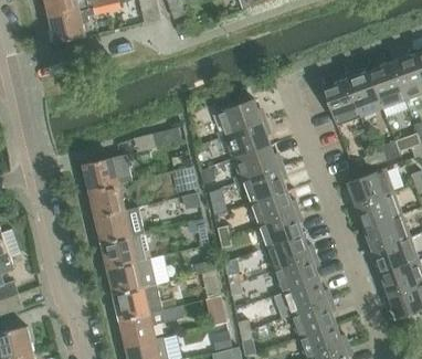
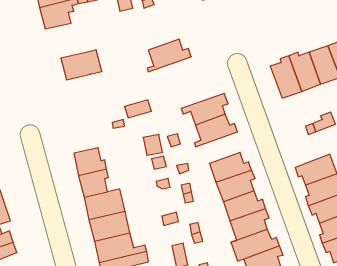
building: [215,98,267,137] -> [147,39,191,72]
building: [83,155,131,190] -> [61,50,102,80]
building: [233,165,287,202] -> none
building: [347,169,392,207] -> none

